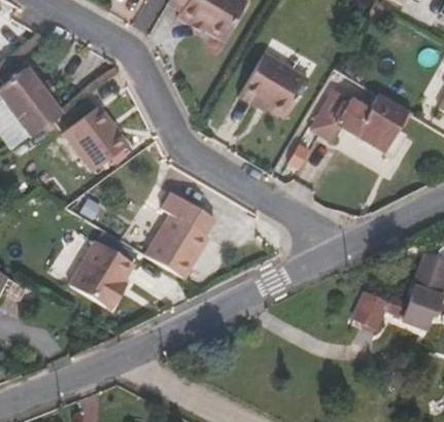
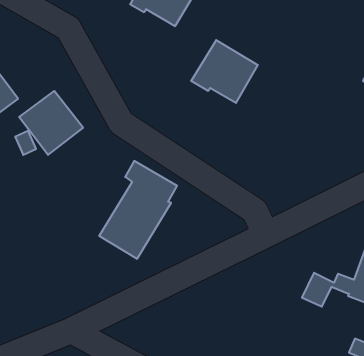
building: [313,92,412,157] -> none
building: [70,241,135,310] -> none

